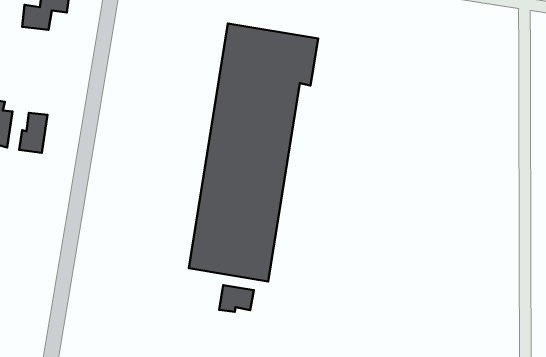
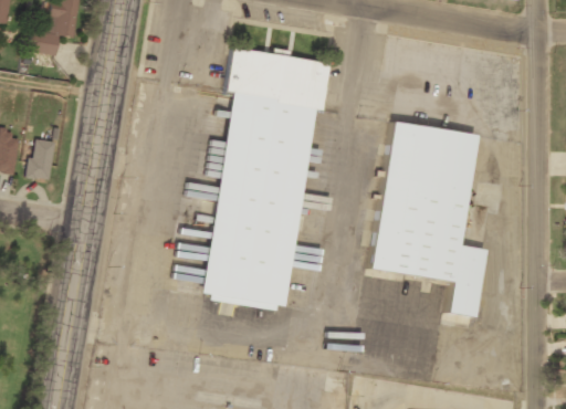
building: none -> [371,122,486,317]
building: [219,285,254,312] -> none

